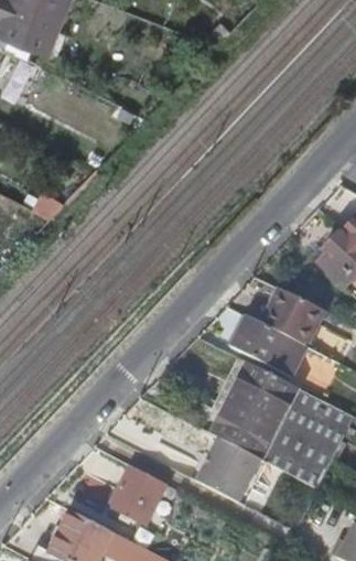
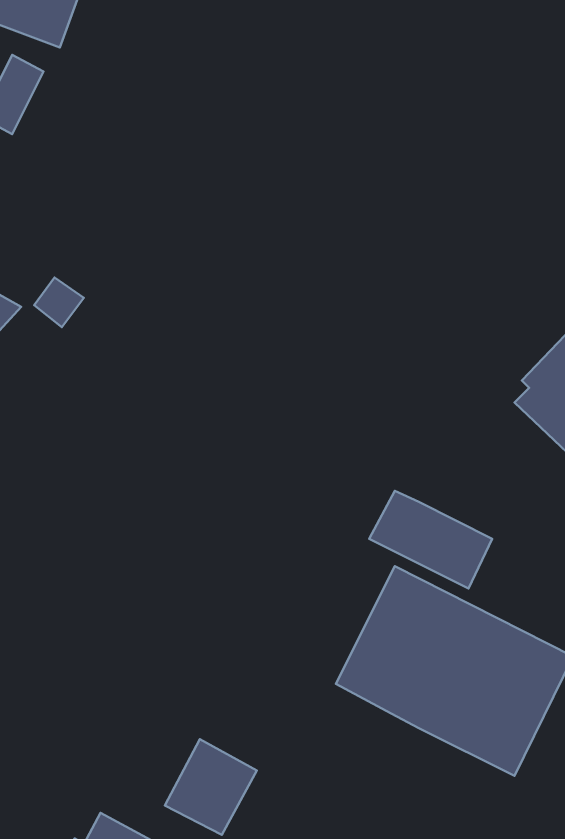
building: [261,289,323,345] -> none
building: [186,436,261,516] -> none

